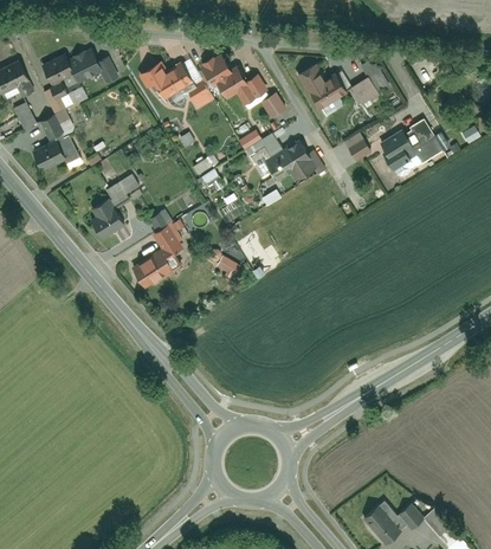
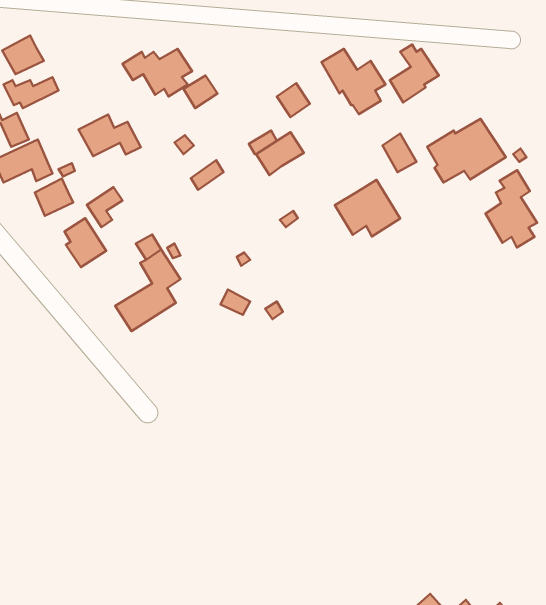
building: [69,51,118,84] -> [78,115,141,156]
building: [200,54,266,105] -> none
building: [264,137,316,182] -> [335,180,400,236]
building: none -> [485,170,537,248]
building: none -> [35,178,73,216]

